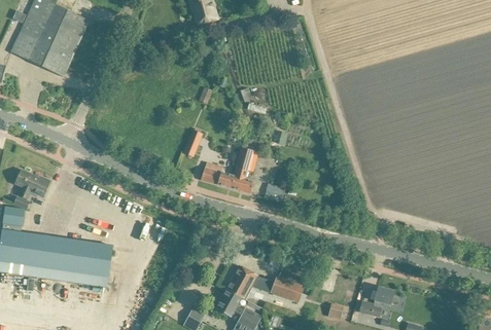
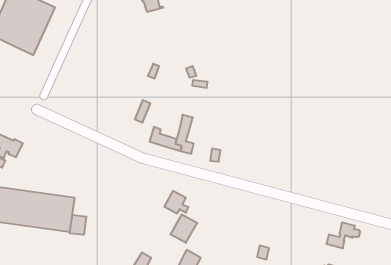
building: none -> [70,215,86,235]
building: [271,277,304,302] -> none
building: [359,287,399,318] -> [326,222,360,248]
building: [215,289,244,316] -> [164,191,189,213]

